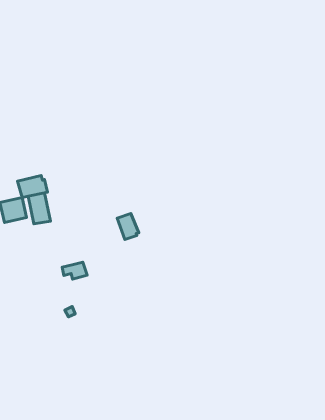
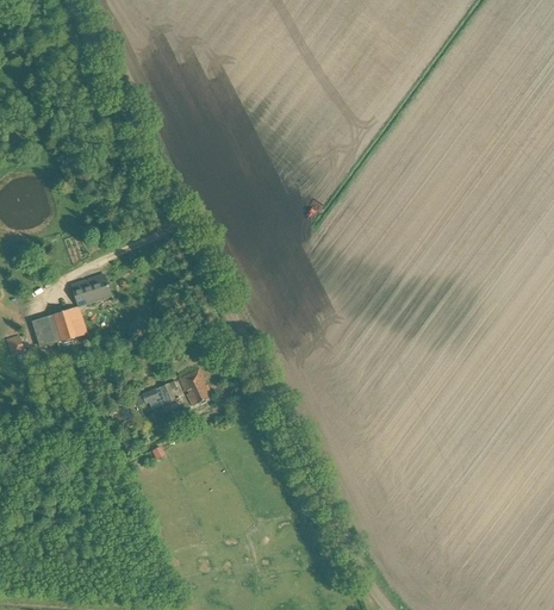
building: [28,193,51,224] -> none
building: [117,213,139,239] -> [179,369,210,405]

